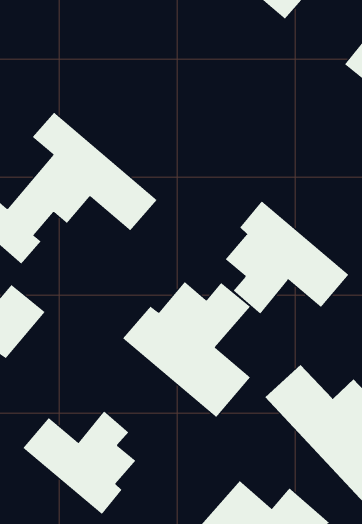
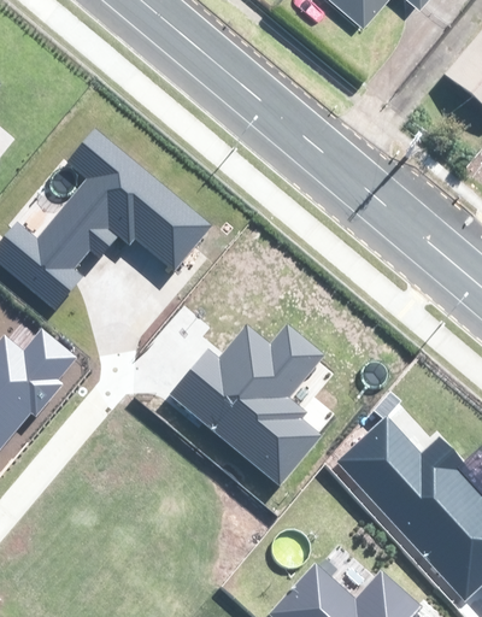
building: [225,200,349,314] -> none
building: [23,411,136,515] -> none

